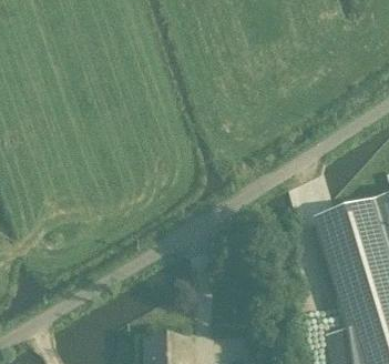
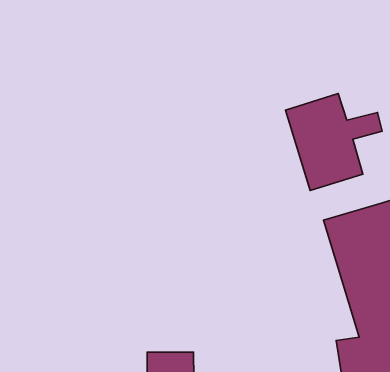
building: none -> [286,94,382,191]

